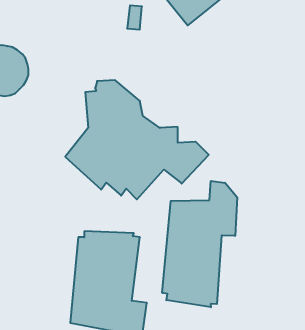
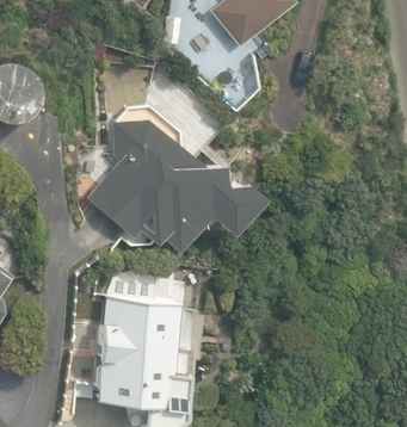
building: [162,181,237,307] -> none

